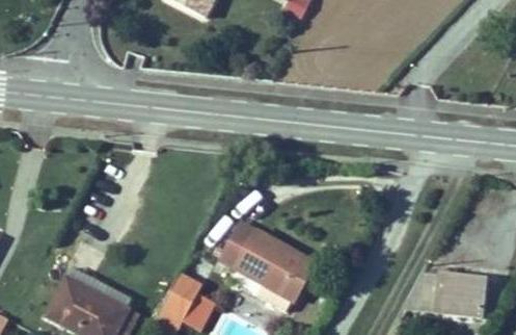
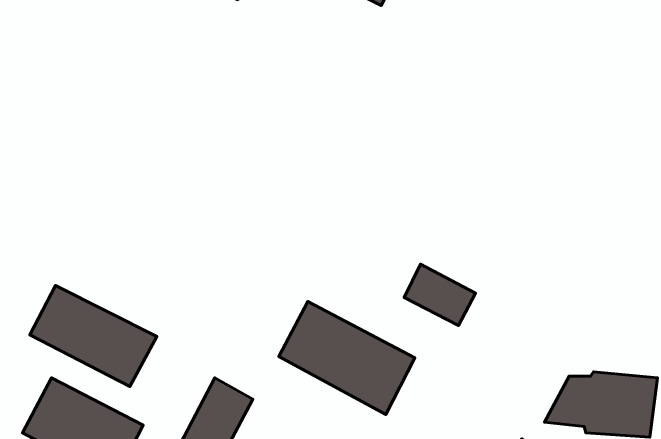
building: none -> [404,264,475,325]
building: none -> [30,286,157,387]

